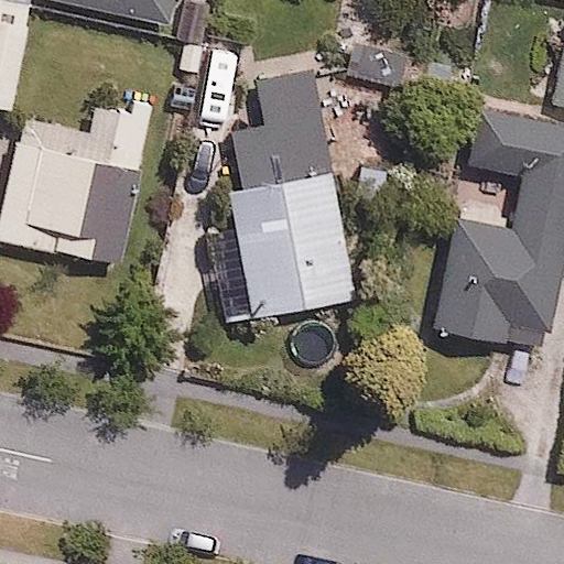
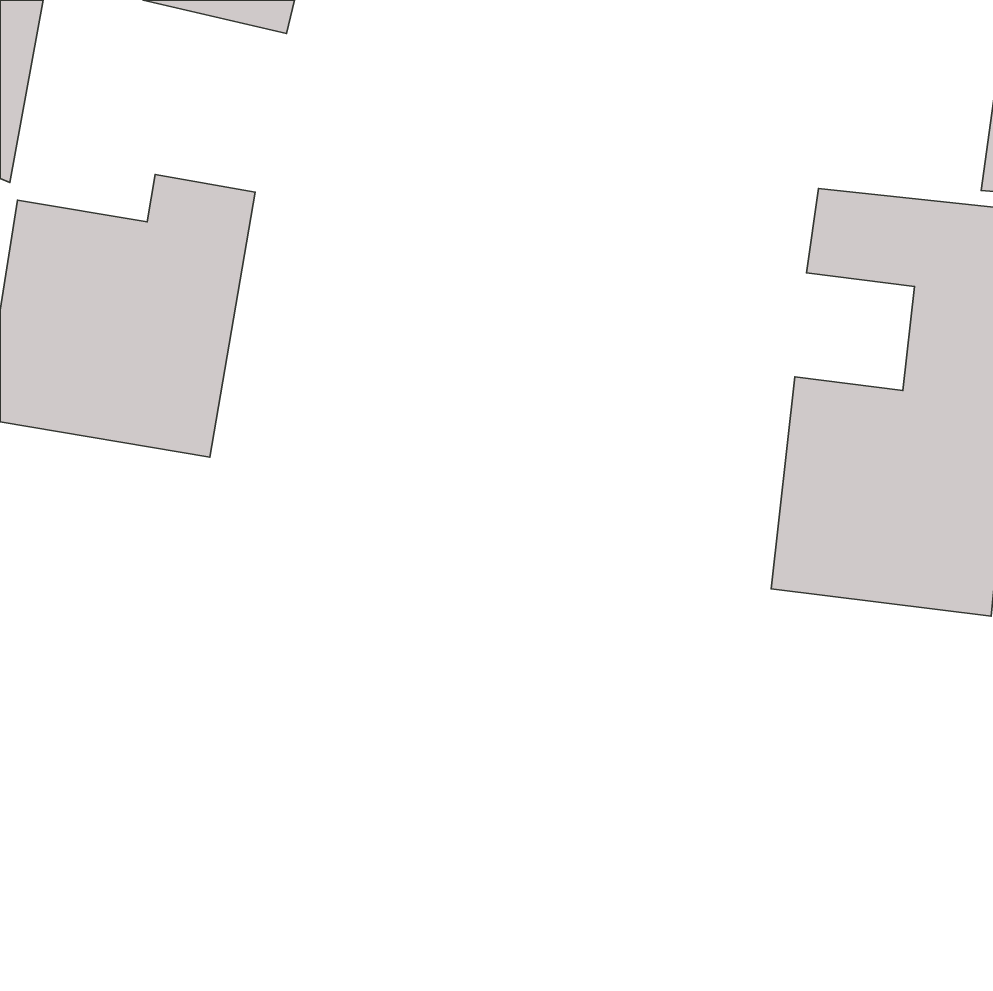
building: [220,66,356,315] -> none

